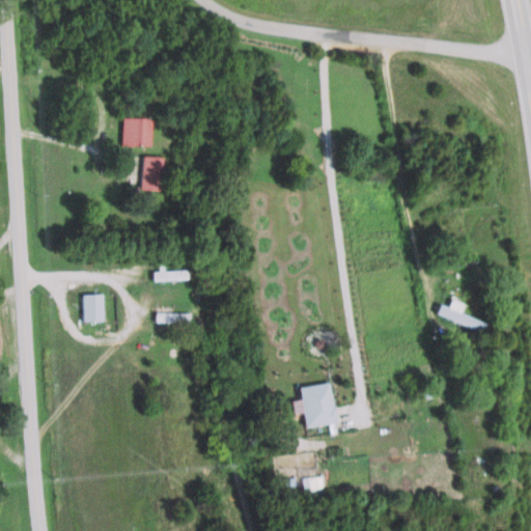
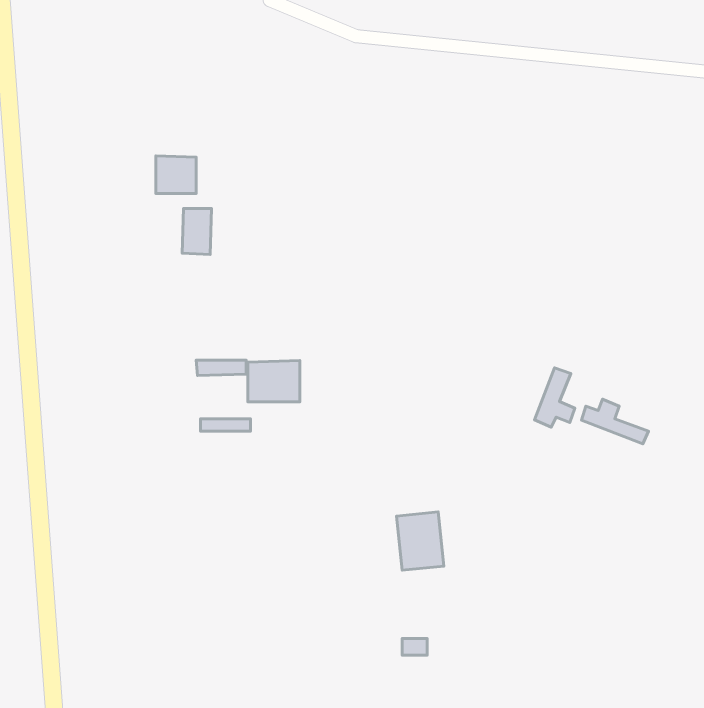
building: none -> [248,361,300,402]
building: none -> [535,368,575,427]
building: [82,295,104,323] -> none

